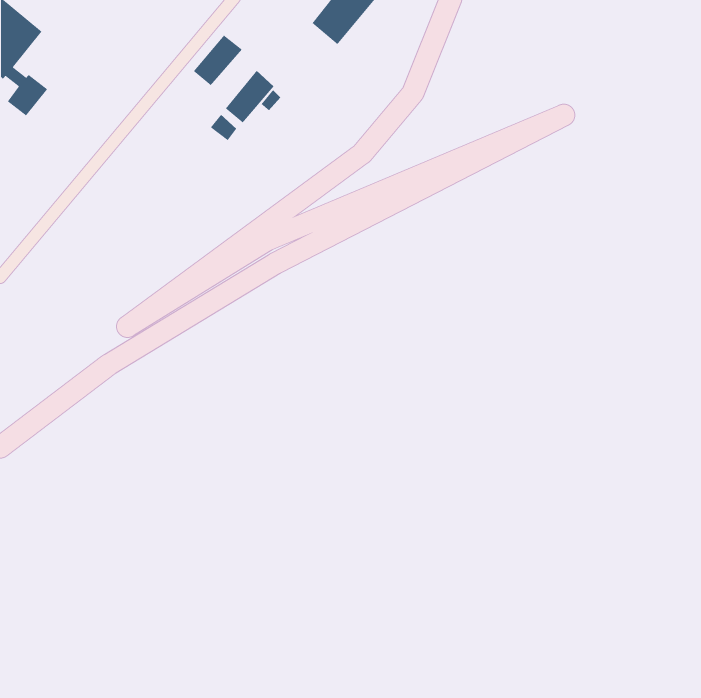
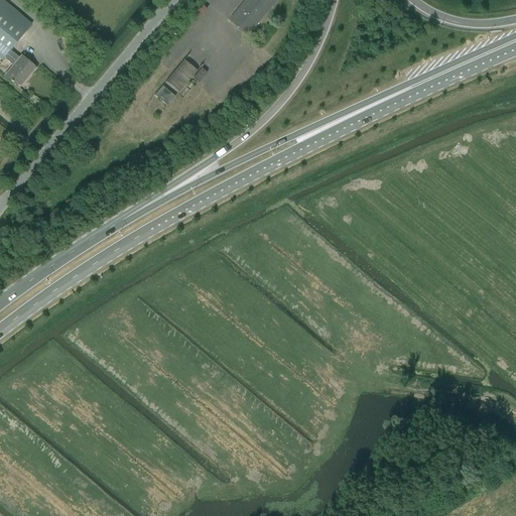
building: [193,35,243,86] -> none

